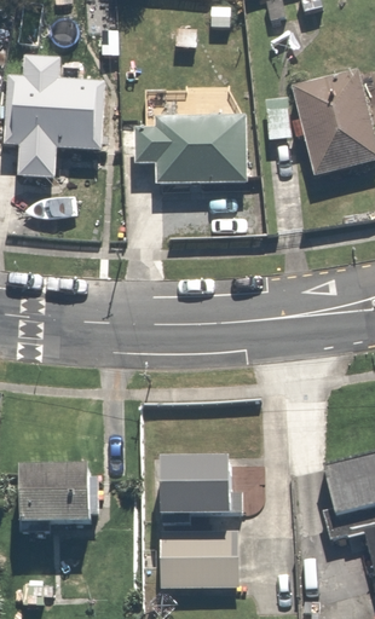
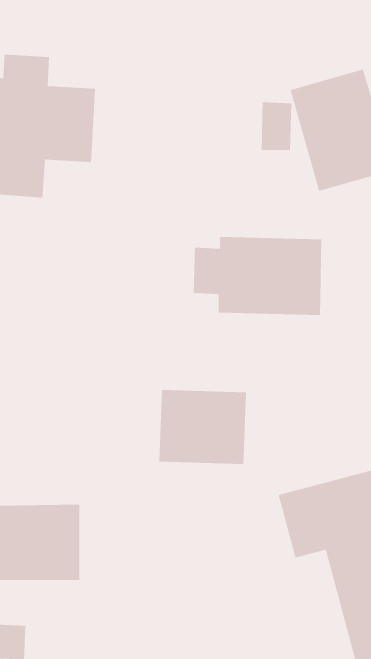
building: [132,115,250,187] -> [193,236,322,316]
building: [162,455,243,523] -> [159,389,247,465]
building: [160,530,241,589] -> none

